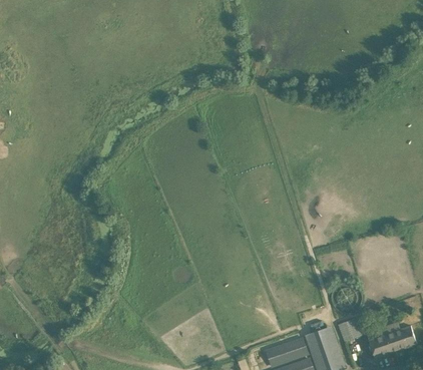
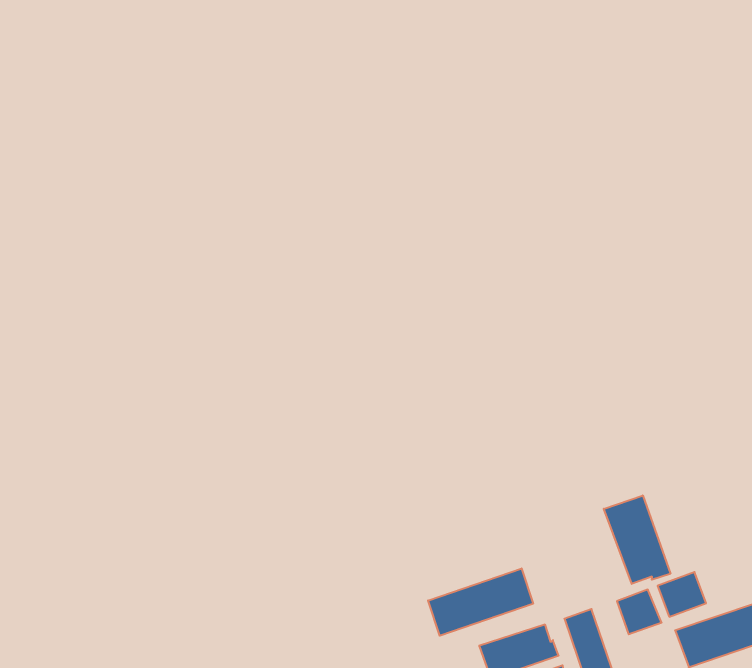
building: none -> [604,495,670,584]
building: none -> [428,568,533,636]

